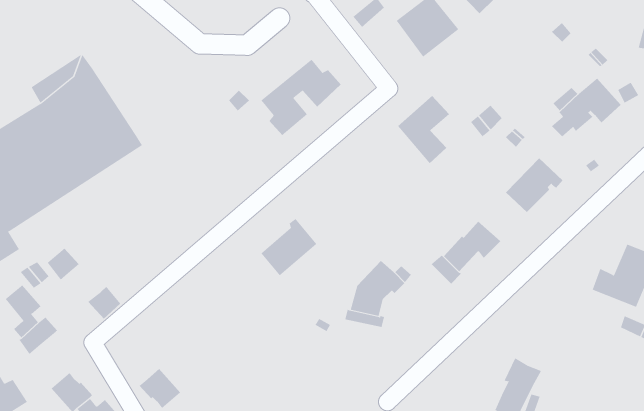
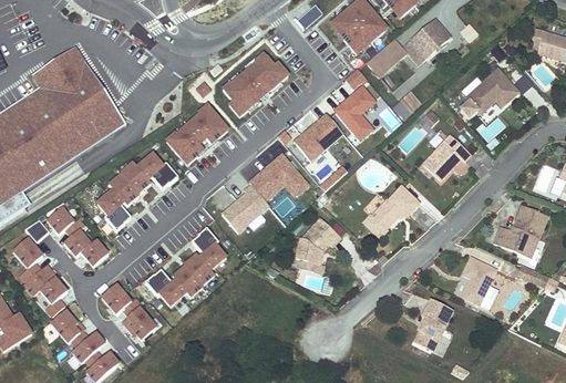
building: none -> [367,19,449,76]
building: none -> [165,105,226,164]
building: none -> [294,114,342,161]
building: none -> [251,152,310,198]
building: none -> [96,153,177,231]
building: none -> [62,218,90,257]
building: none -> [145,228,225,306]
building: none -> [461,256,495,303]
building: none -> [40,277,68,315]
building: none -> [101,283,141,315]

